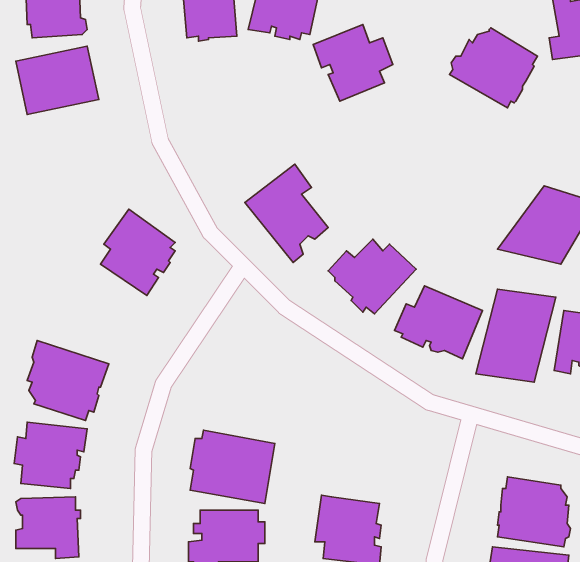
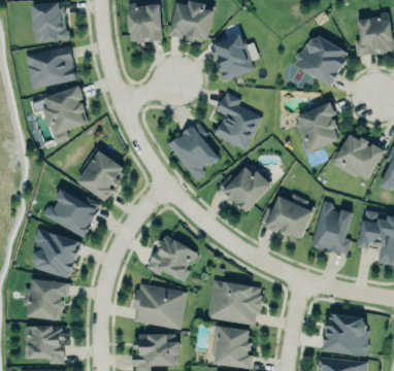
building: none -> [43,86,88,143]
building: none -> [215,92,263,150]
building: none -> [294,102,339,154]
building: none -> [34,184,97,236]
building: none -> [147,235,198,281]
building: none -> [207,279,263,326]

